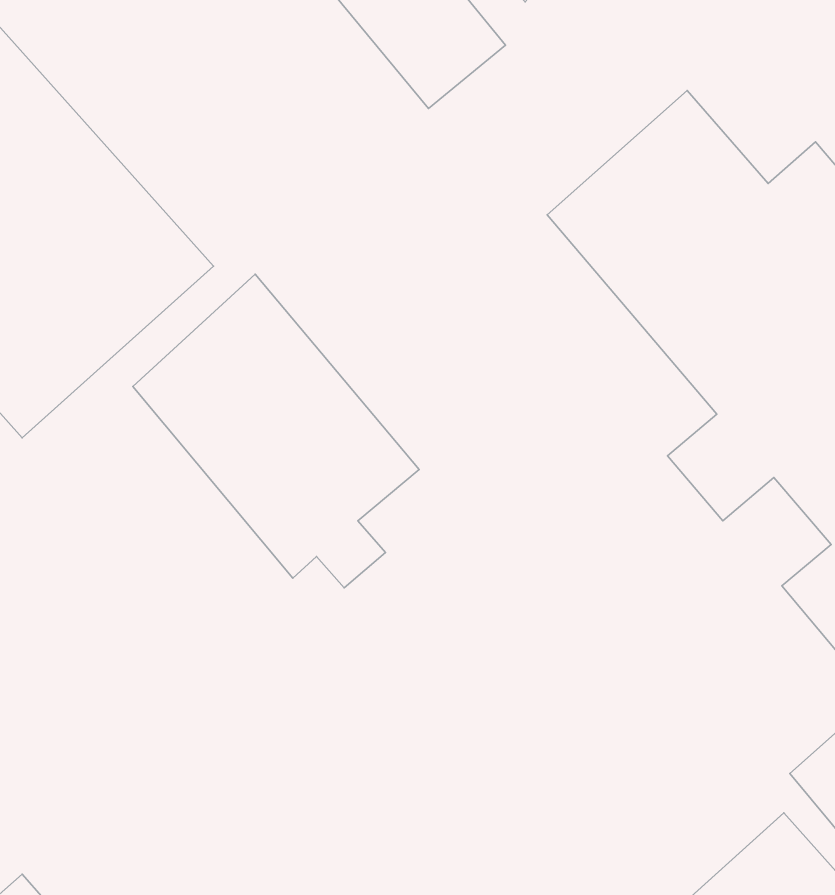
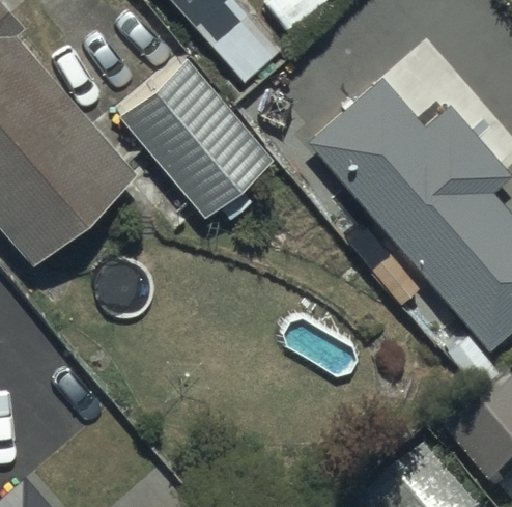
building: [133,274,419,588] -> [120,57,271,222]

